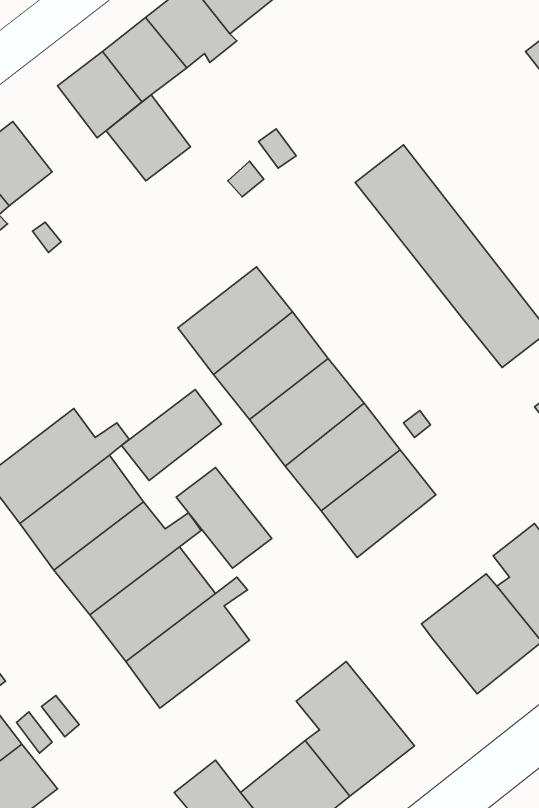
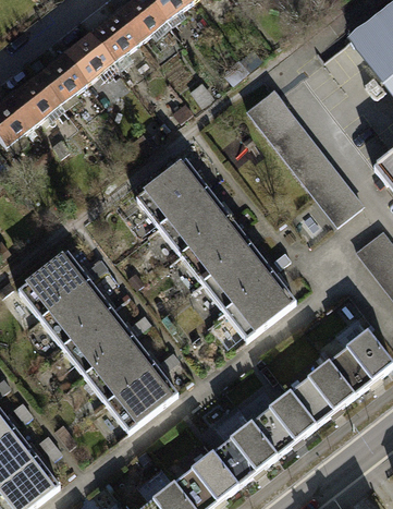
building: [106,95,191,181] -> [36,53,87,106]
building: [122,389,221,480] -> none
building: [176,468,272,568] -> none
building: none -> [253,389,318,455]

